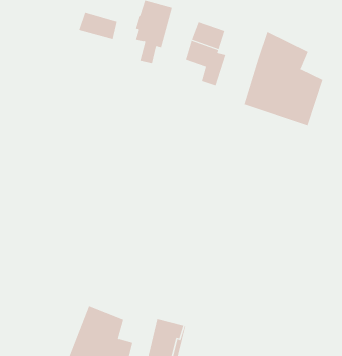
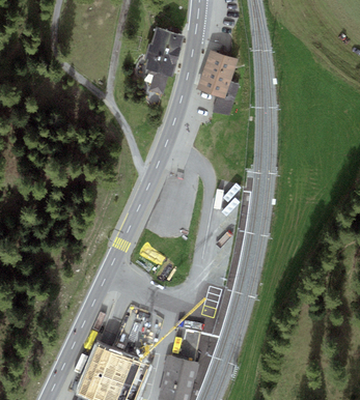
building: [79,12,117,40] -> none
building: [243,31,323,126] -> none

